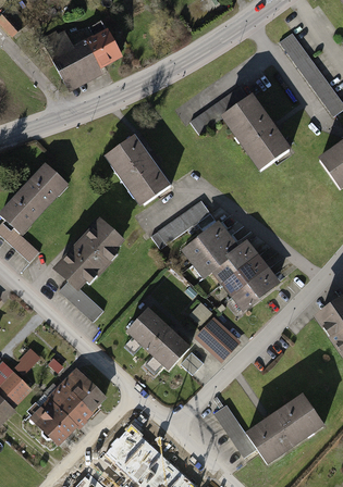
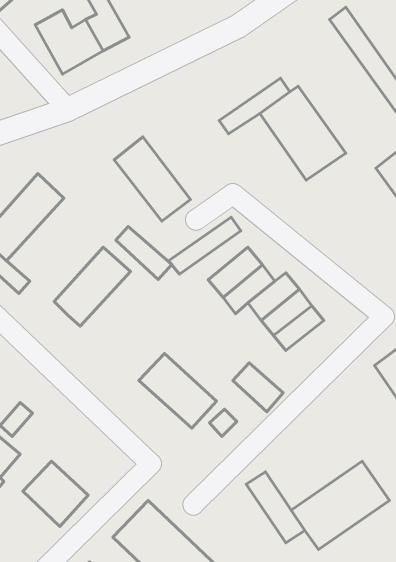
building: [59,278,103,321] -> [116,226,172,280]
building: [56,371,108,422] -> none

